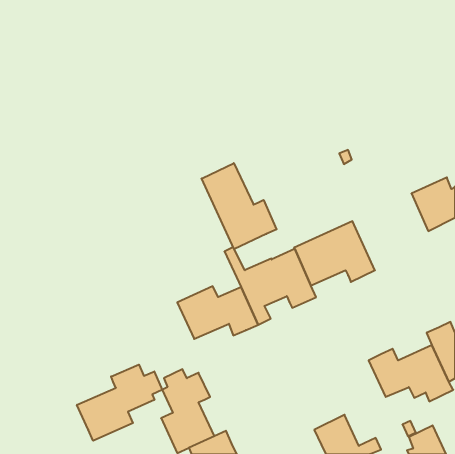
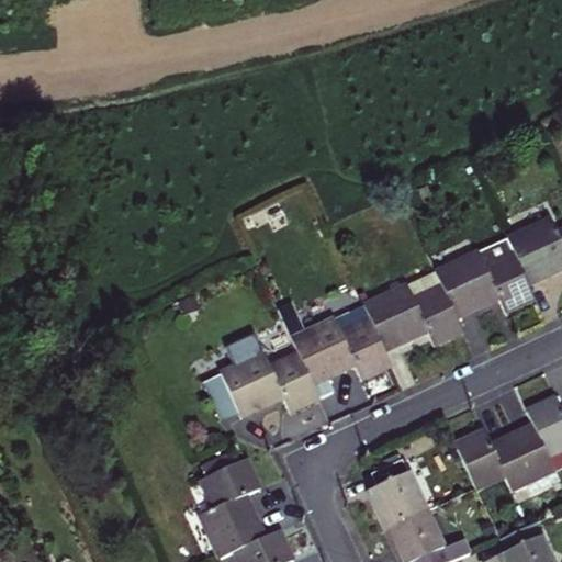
building: [202,163,277,249] -> none
building: none -> [435,238,535,318]
building: [77,365,162,441] -> none
building: none -> [363,460,425,529]

